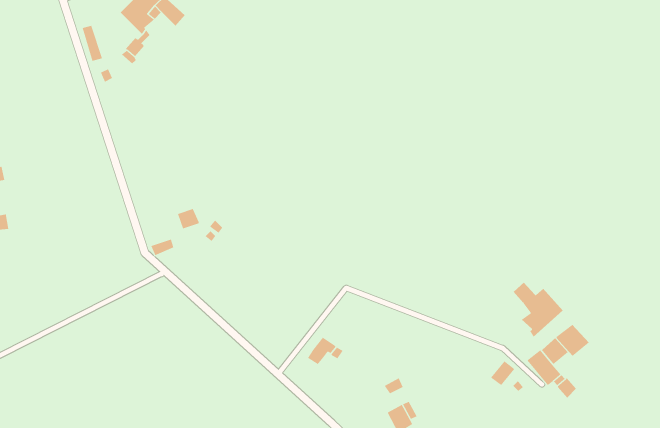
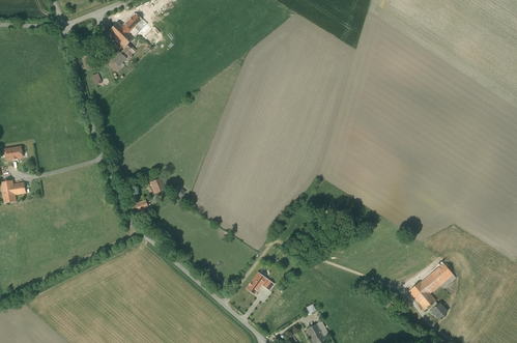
building: [513,282,564,337] -> none

